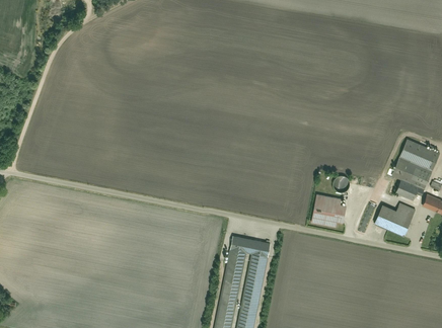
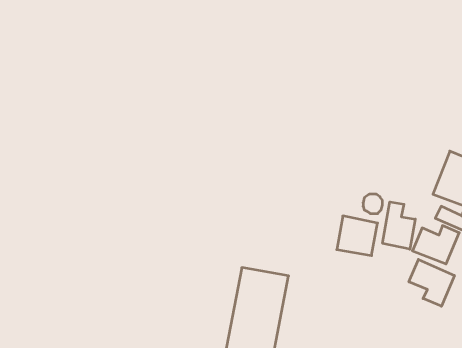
building: none -> [383,202,415,249]
building: none -> [409,259,454,306]

